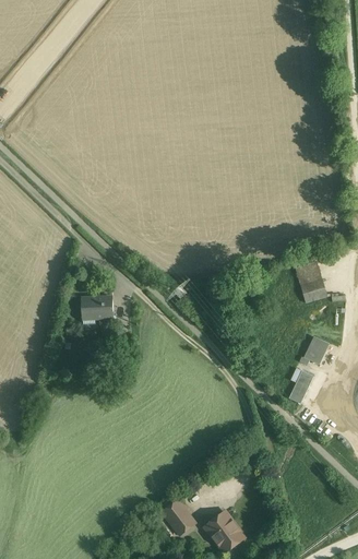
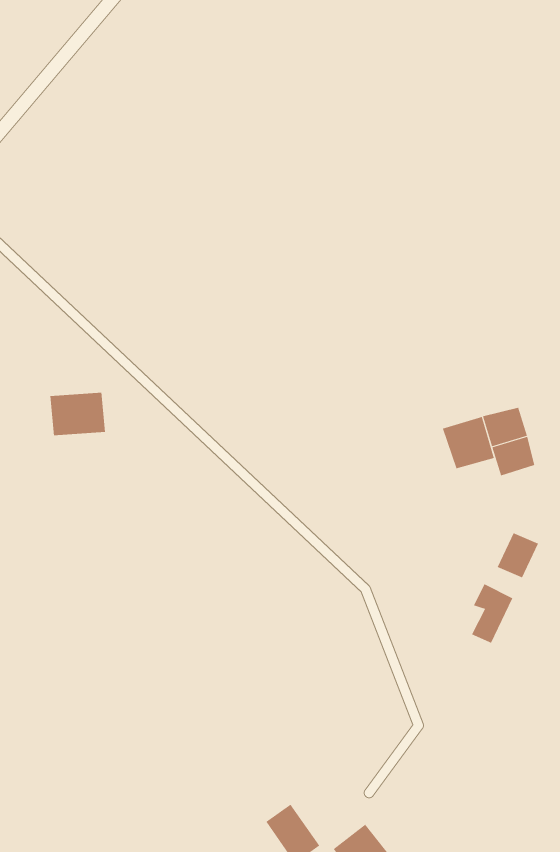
building: none -> [442,416,494,469]
building: [81,295,115,321] -> [49,392,106,436]

